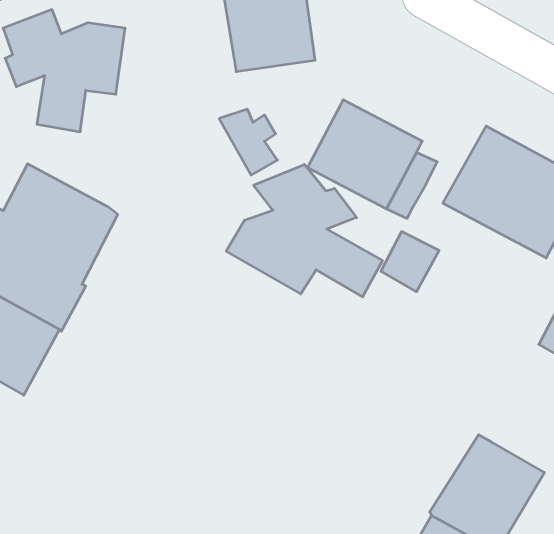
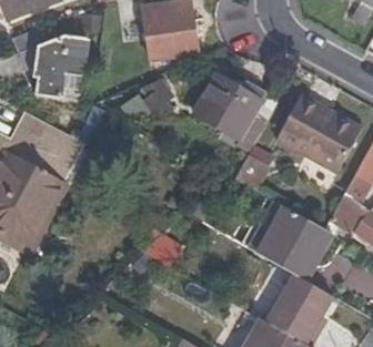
building: [226,164,382,297] -> none
building: none -> [255,203,331,278]

